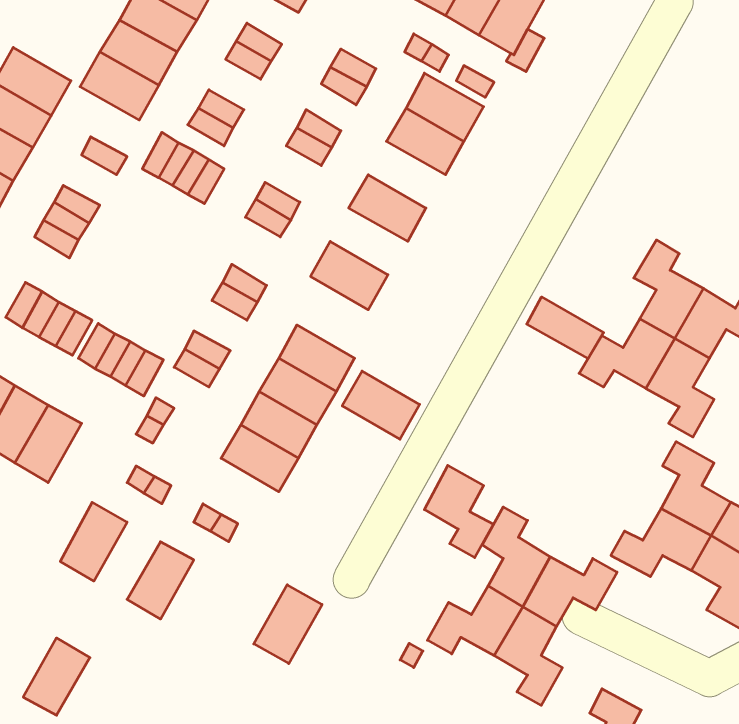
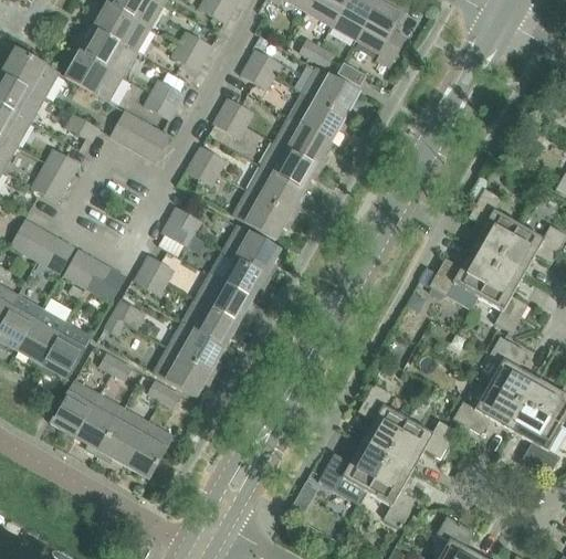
building: none -> [274,117,331,166]
building: none -> [247,166,303,214]
building: [527,297,604,359] -> none
building: [342,371,420,439] -> [222,225,279,275]
building: none -> [41,323,91,380]
building: none -> [153,348,209,398]
building: [424,465,494,558] -> none
building: [254,585,322,664] -> [123,422,172,479]
building: [23,638,90,715] -> [74,394,123,451]

